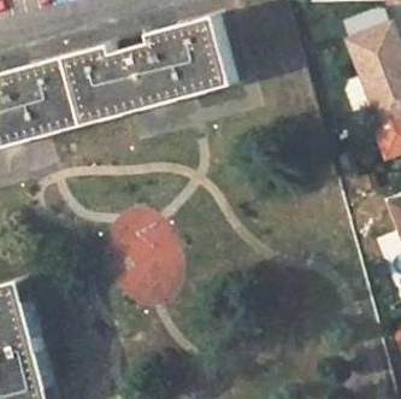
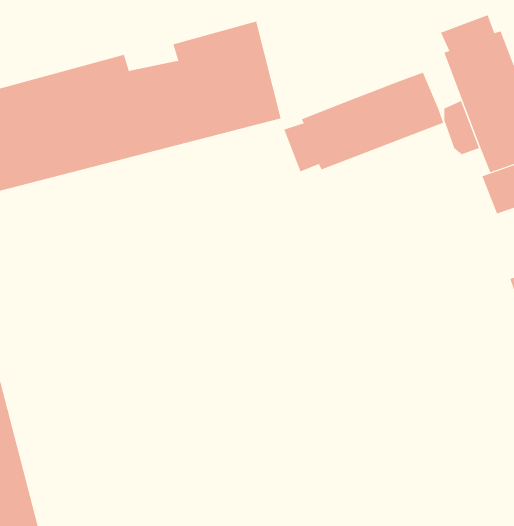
building: none -> [284,72,444,172]

